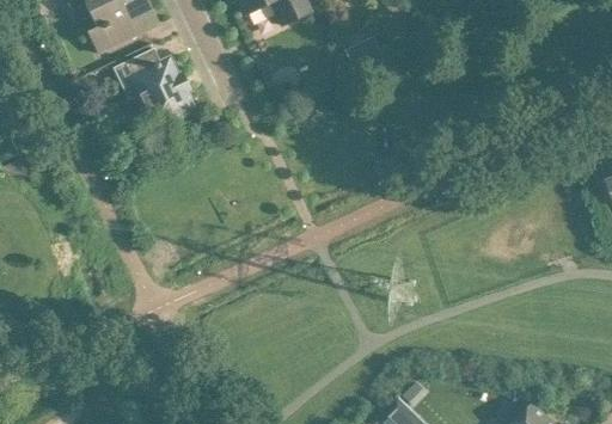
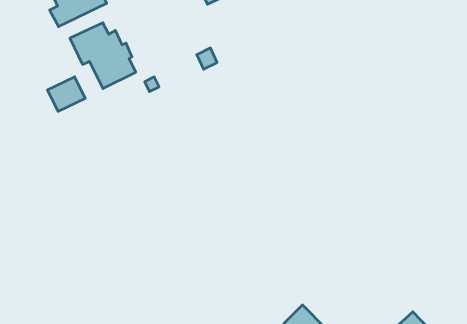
building: none -> [48,77,85,111]

